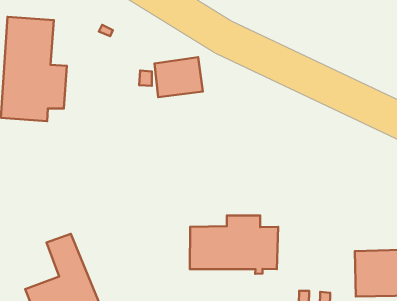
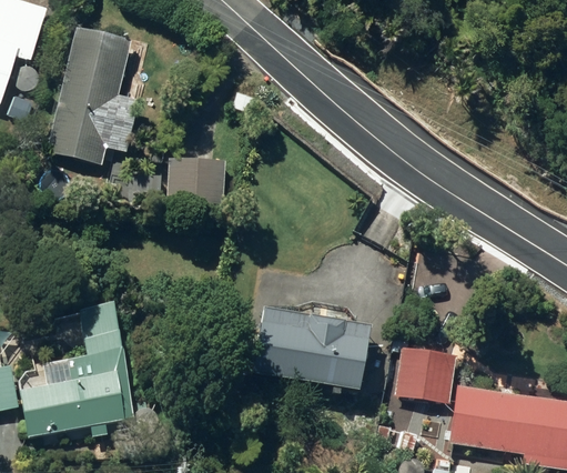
building: [154,57,203,97] -> [169,157,226,201]
building: none -> [395,344,458,402]

